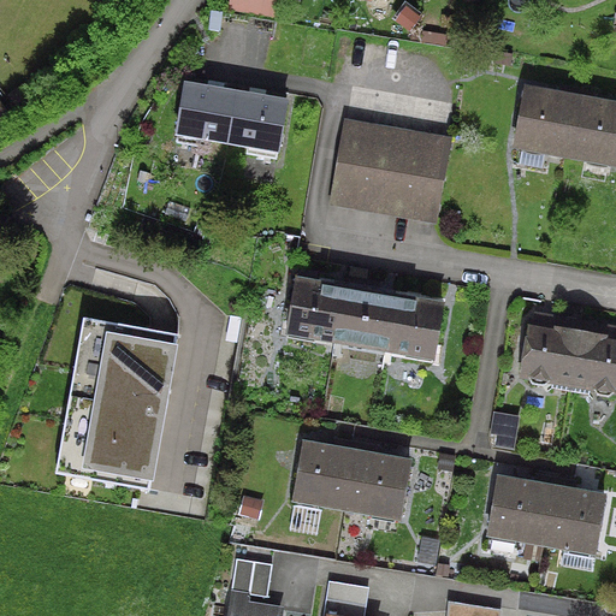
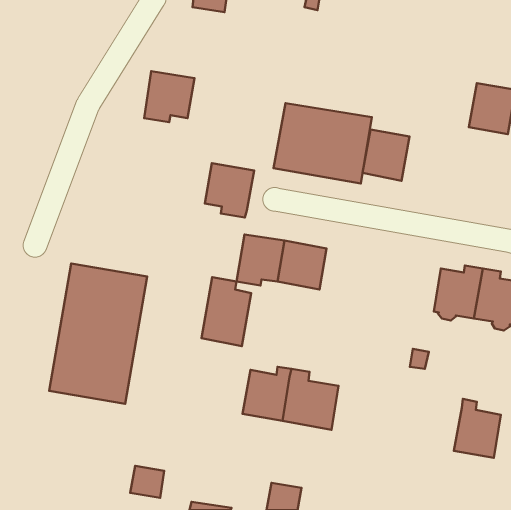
building: [517,91,574,153] -> [362,130,410,181]
building: [226,94,285,159] -> [205,163,254,217]
building: [385,298,440,363] -> none
building: none -> [201,277,251,346]
building: [487,475,557,541] -> none
building: [230,558,271,597] -> [130,466,164,498]

